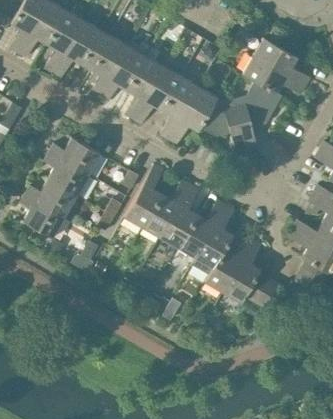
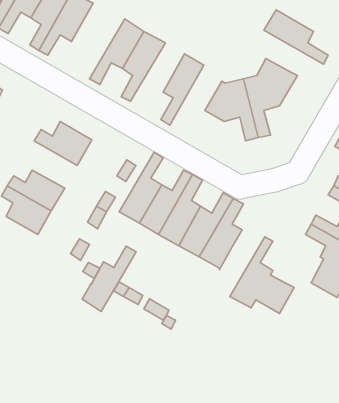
building: [90,36,129,99] -> none
building: [242,56,305,94] -> none
building: [134,67,182,124] -> none
building: [169,87,217,145] -> none
building: [44,154,87,196] -> none
building: [205,234,253,292] -> [82,246,136,312]

